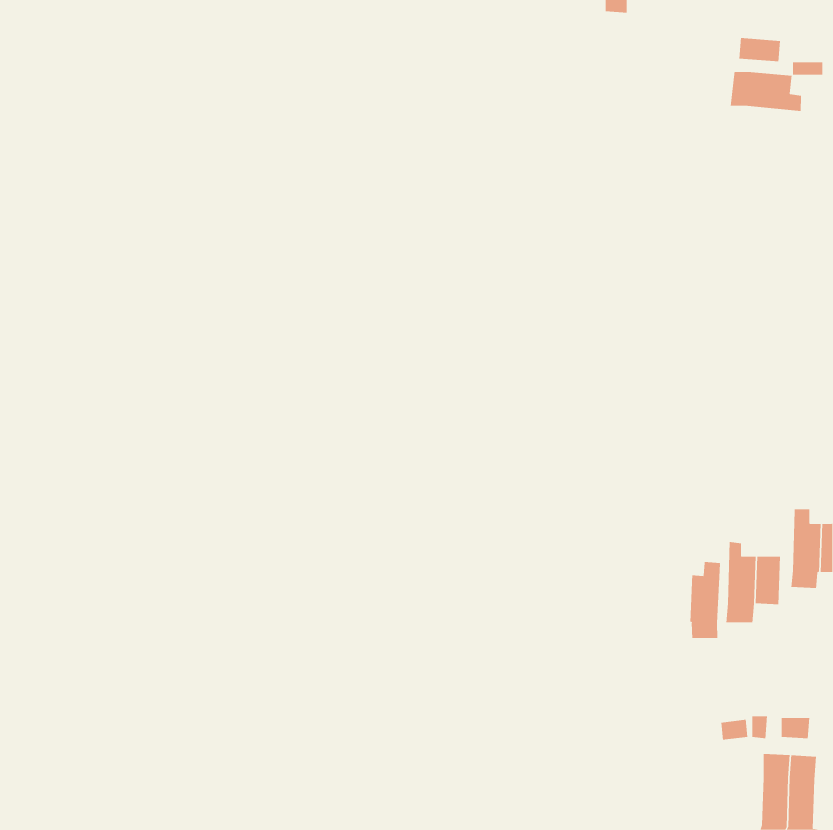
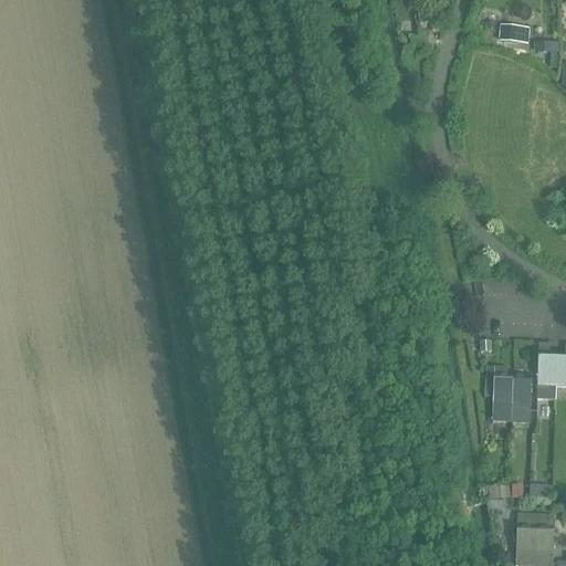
building: [730,71,802,112] -> none
building: [690,561,720,639] -> none

